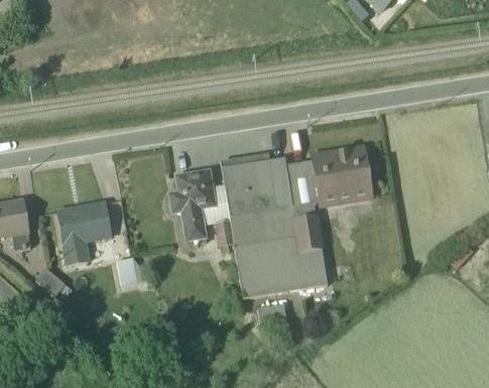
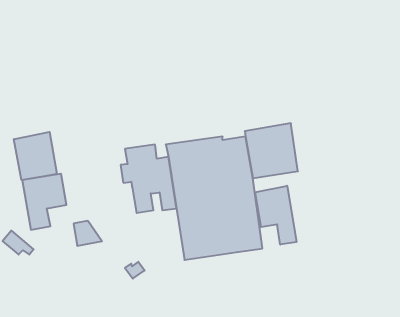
building: none -> [14,132,57,180]
building: none -> [255,186,296,245]

